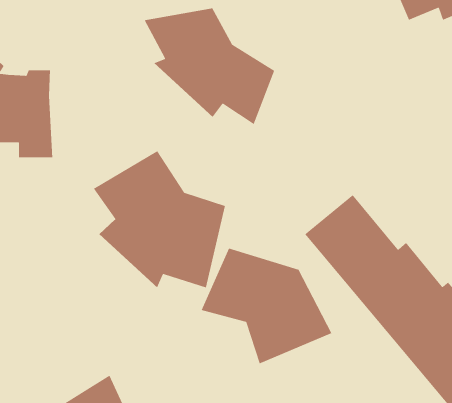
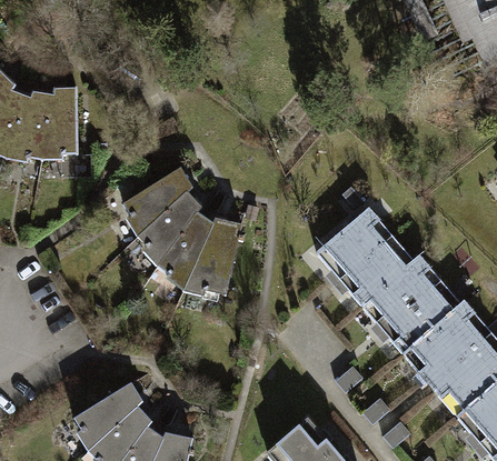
building: [144,7,275,125] -> none
building: [201,247,332,365] -> none

